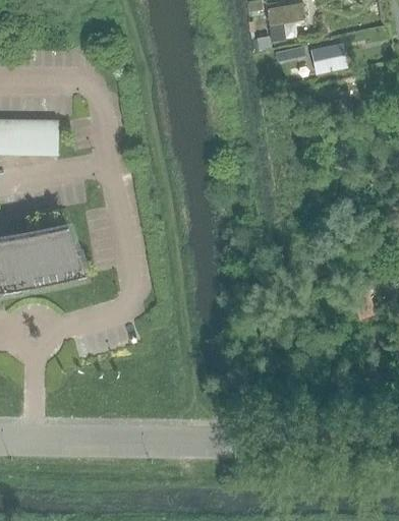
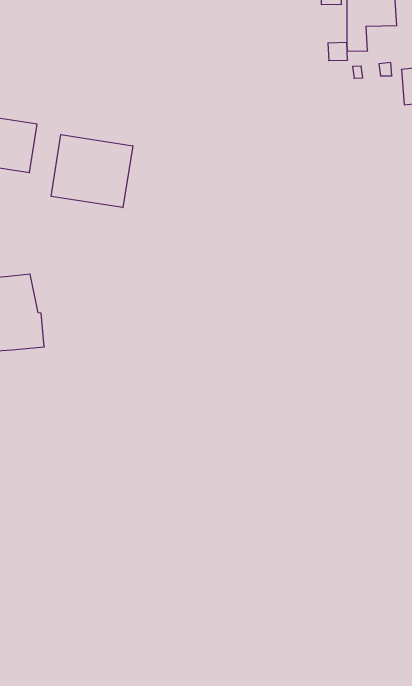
building: none -> [51,135,133,208]

